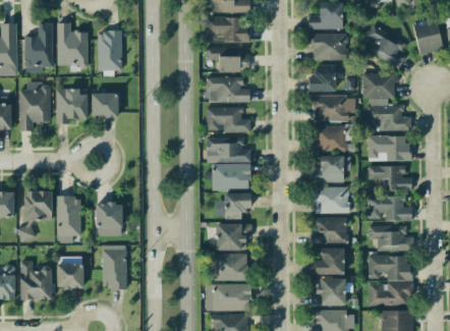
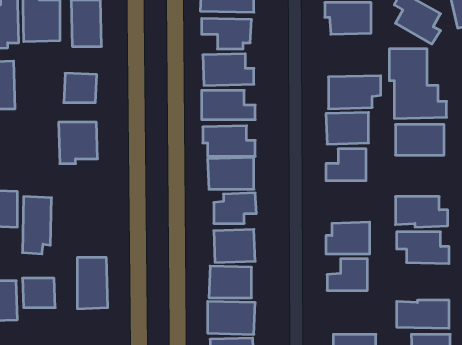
building: [308,64,335,92] -> none
building: [55,89,88,123] -> [59,122,98,164]
building: [368,165,411,190] -> none
building: [314,186,348,214] -> none
building: [97,204,122,235] -> none
building: [369,256,409,281] -> none
building: [311,278,346,306] -> none

